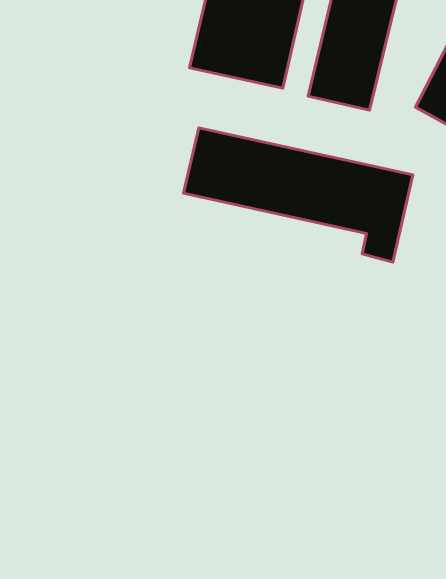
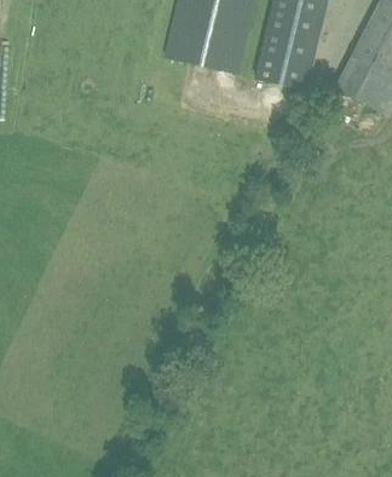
building: [184,128,413,262] -> none

